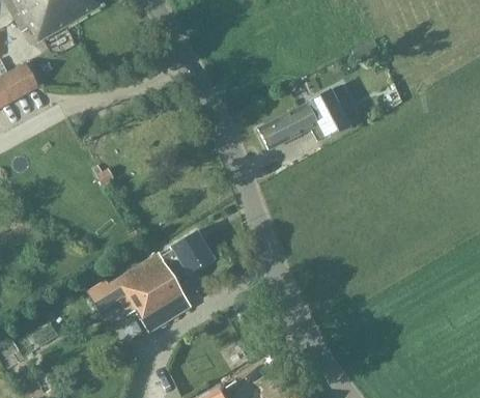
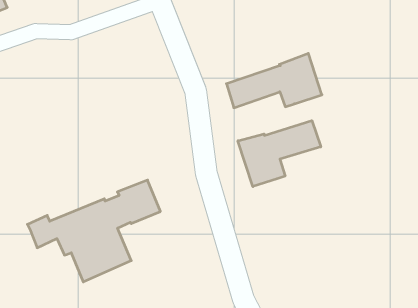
building: none -> [238,121,321,187]

